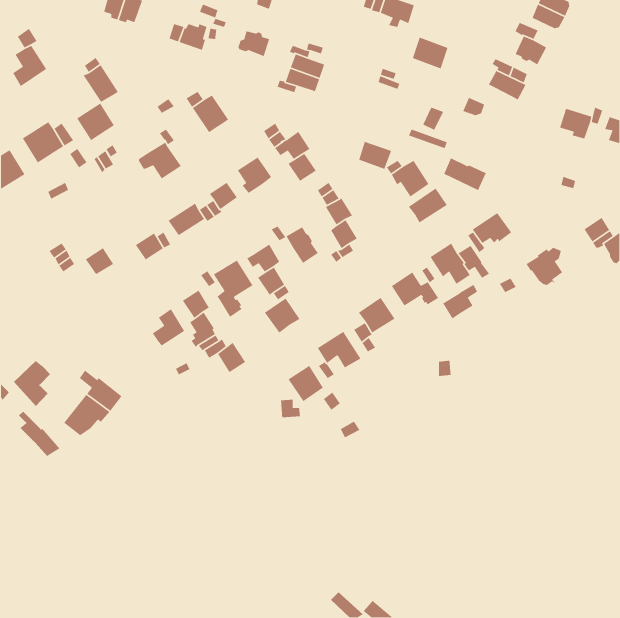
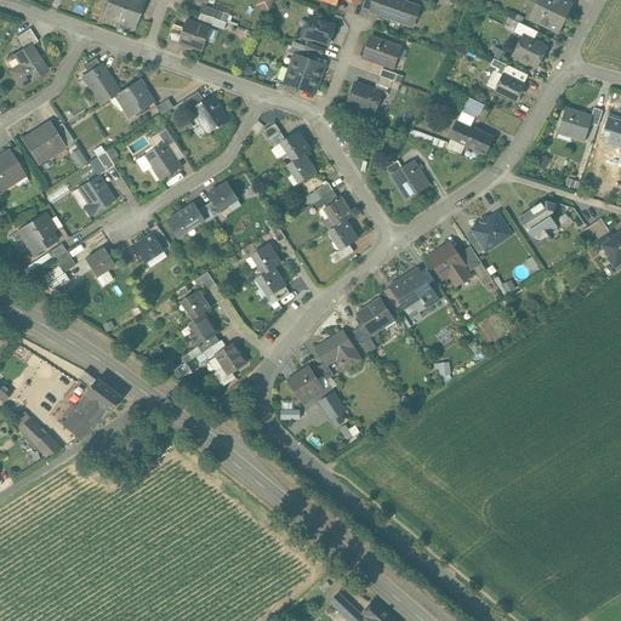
building: [237,30,270,57] -> [302,17,335,44]
building: [412,37,448,69] -> [364,35,400,68]
building: [76,103,115,141] -> [115,79,154,118]
building: [358,141,392,170] -> [348,82,382,112]
building: [237,156,272,194] -> none
building: [443,157,487,191] -> [450,120,494,154]
building: none -> [78,175,115,216]
building: [407,188,448,224] -> none
building: none -> [18,212,57,255]
building: [285,226,319,264] -> none
building: [525,247,563,286] -> [519,200,557,239]
building: [213,260,254,318] -> none
building: [442,284,478,319] -> none
building: [264,298,300,334] -> none
building: [152,308,185,346] -> none
building: [13,360,51,407] -> none

